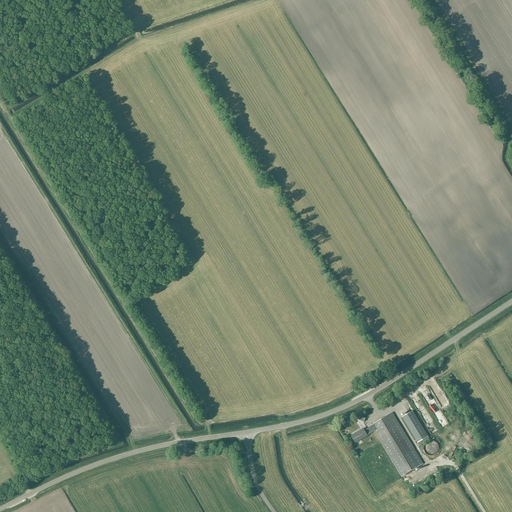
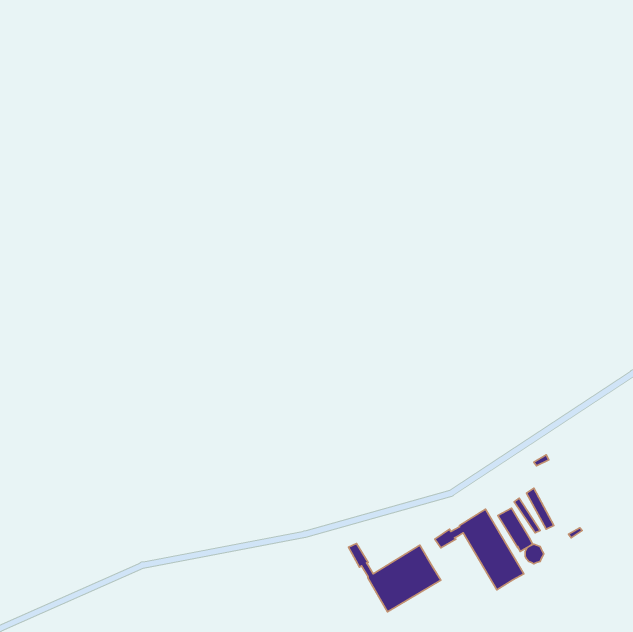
building: none -> [349,544,441,612]

